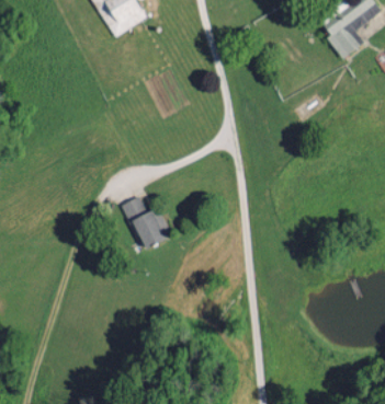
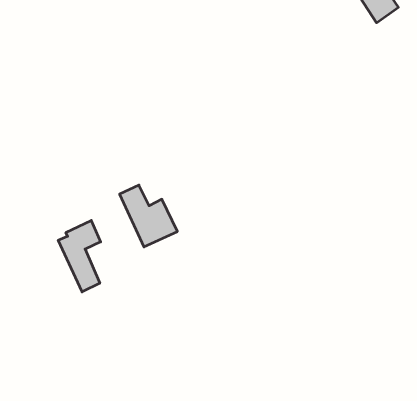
building: none -> [58,220,101,292]

